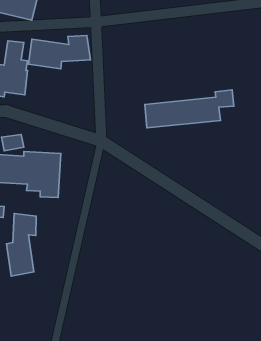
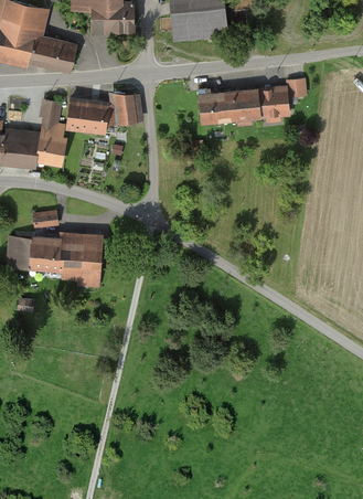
building: [145,90,234,128] -> [199,78,308,125]
building: [6,213,36,276] -> none

